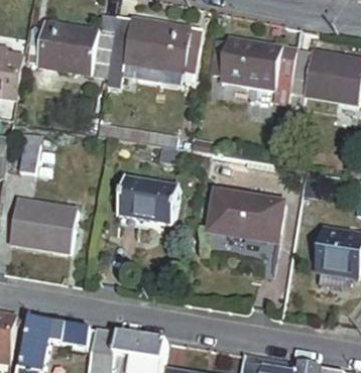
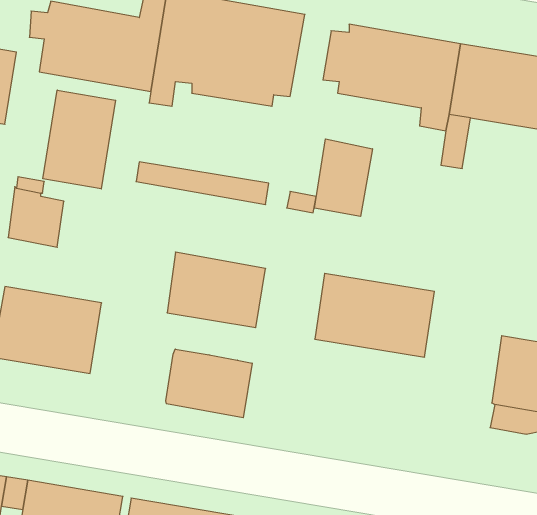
building: none -> [43,90,116,189]
building: none -> [314,139,372,216]
building: none -> [166,349,252,418]

